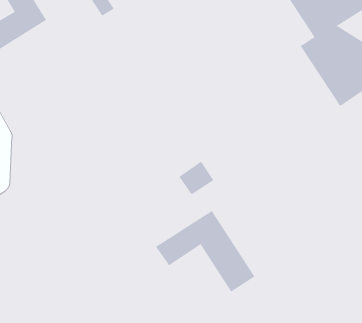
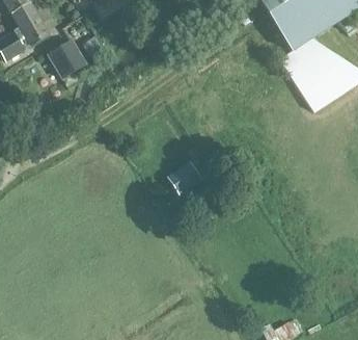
building: none -> [46,38,79,77]
building: [155,210,255,293] -> none

